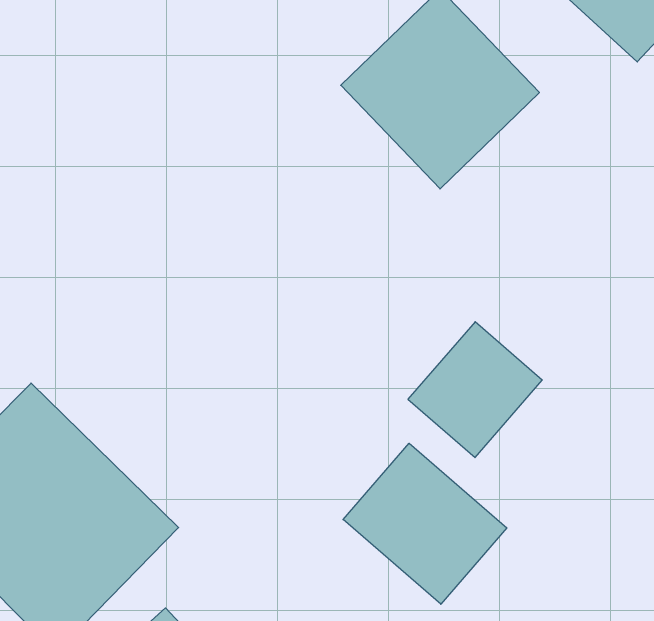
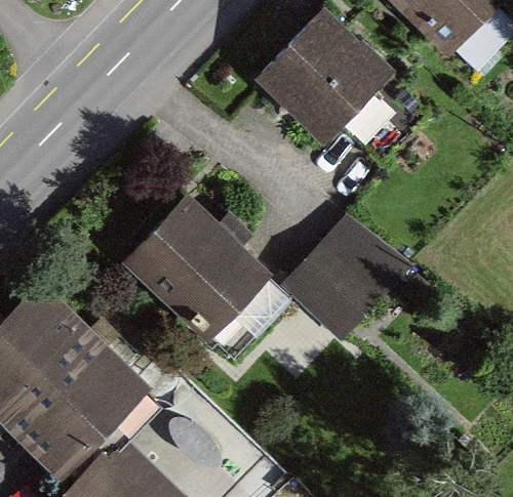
building: none -> [124,187,283,343]
building: [343,443,507,604] -> none

